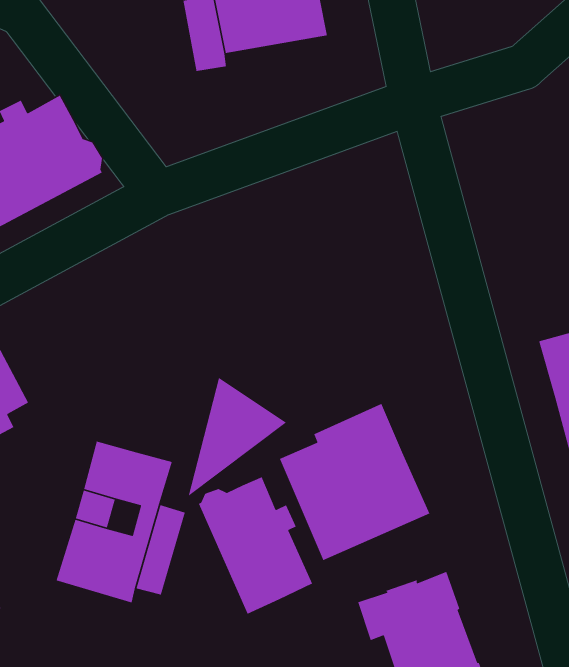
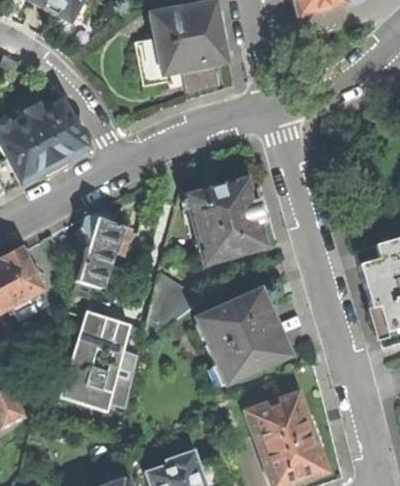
building: none -> [186,176,264,262]
building: none -> [75,211,128,286]
building: [198,476,313,615] -> none

